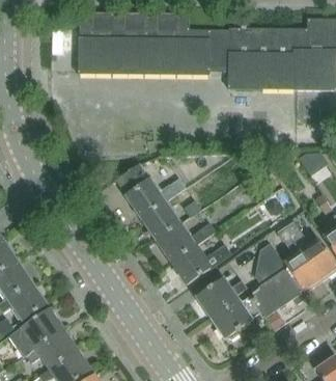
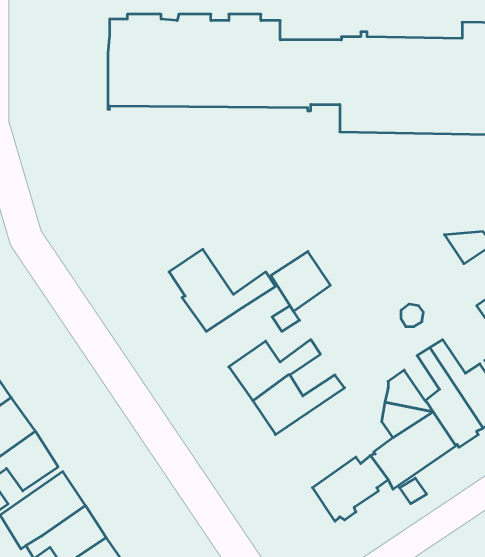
building: [142,201,180,240] -> [271,251,330,311]
building: [196,277,247,318] -> none

